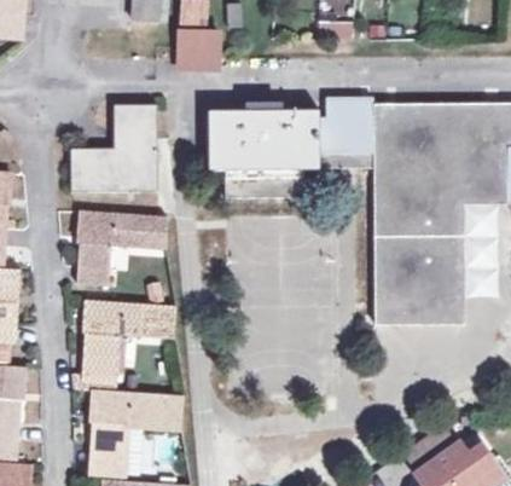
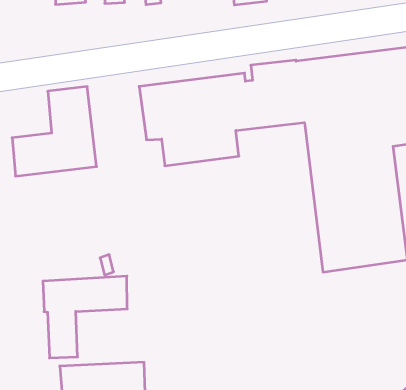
building: [179,30,220,68] -> none
building: [77,209,167,284] -> none

